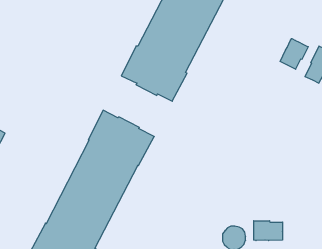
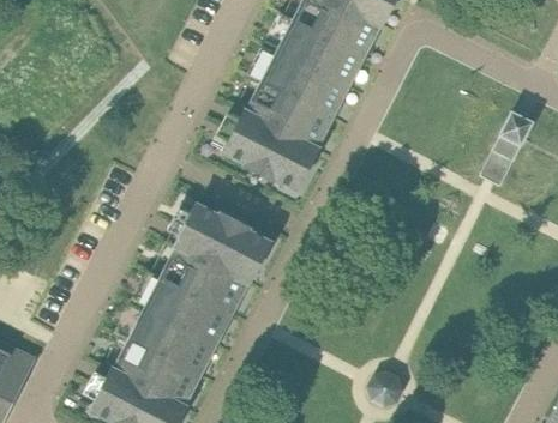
building: [280,39,308,69] -> none
building: [254,221,283,241] -> none

